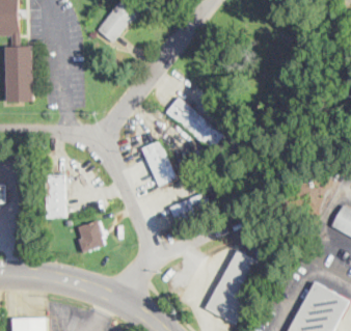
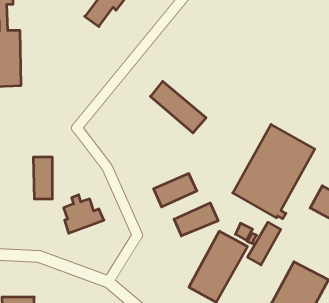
building: [140,141,176,188] -> none
building: none -> [233,124,315,219]
building: none -> [174,203,218,236]
building: none -> [248,222,281,265]

